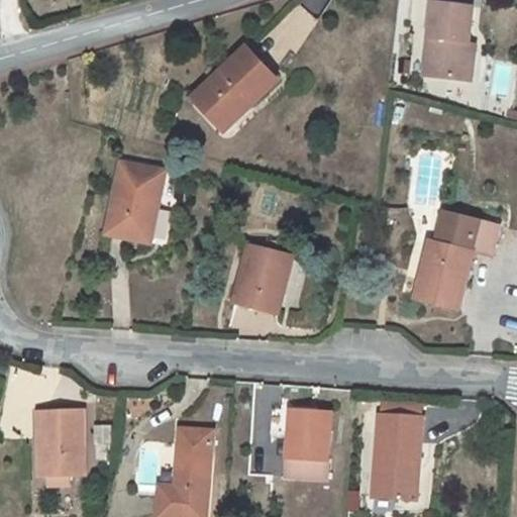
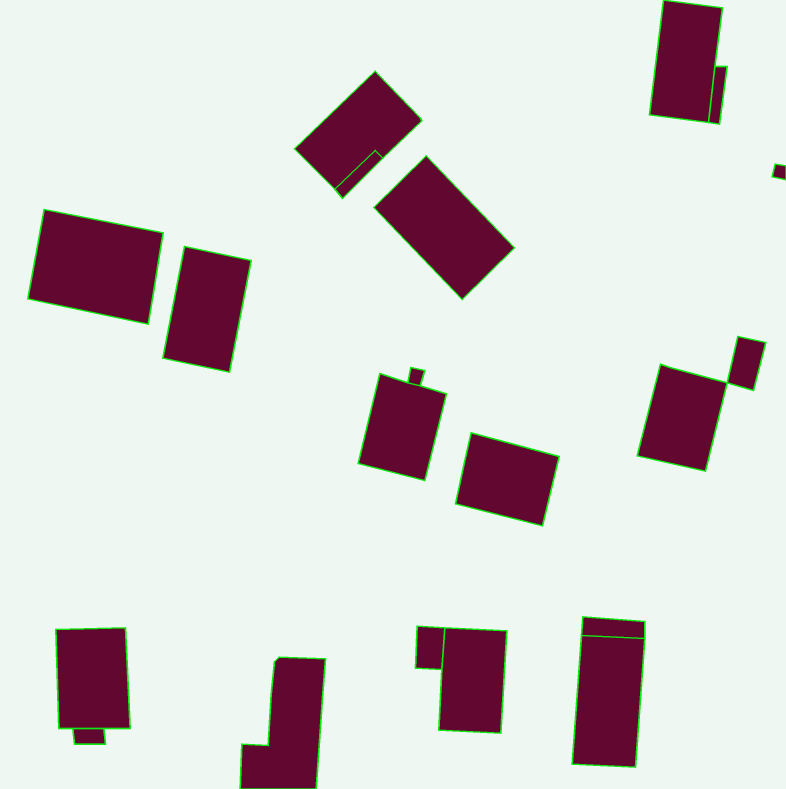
building: none -> [374,156,514,299]
building: none -> [28,210,163,324]
building: [436,209,481,249] -> none
building: none -> [455,433,559,526]

